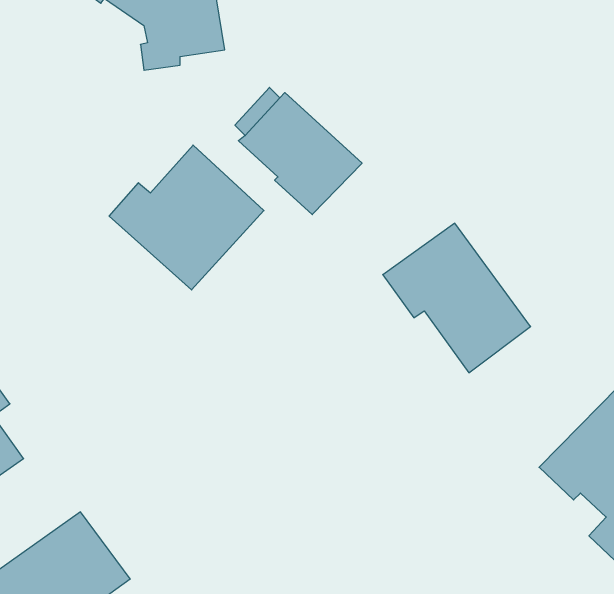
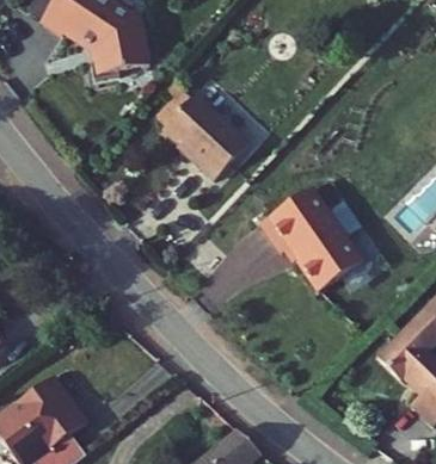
building: [109,145,264,290] -> none

